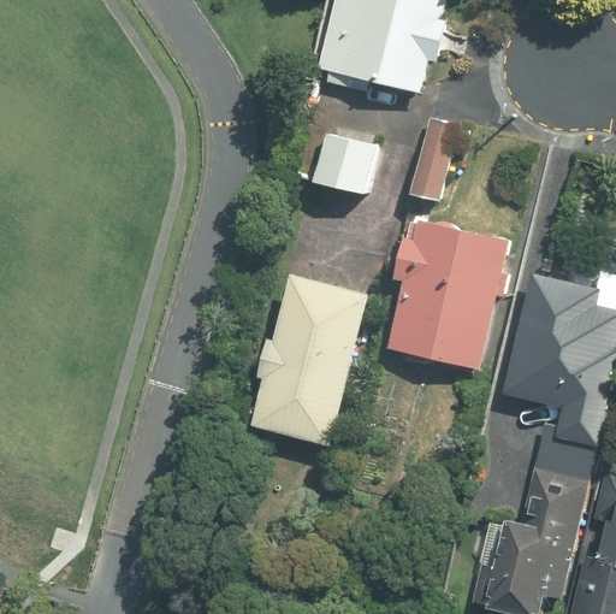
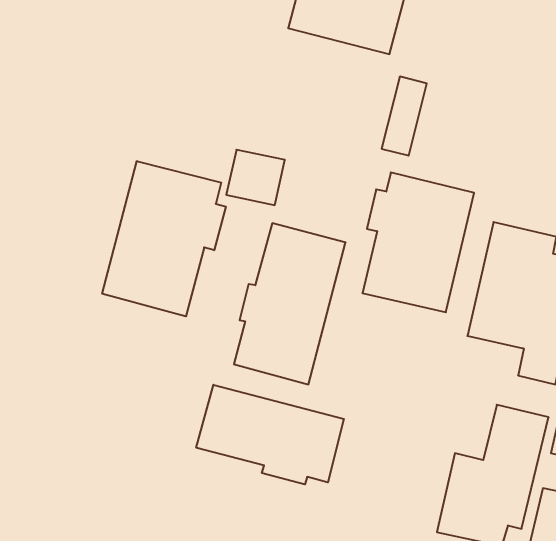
building: [314,134,377,193] -> [226,150,285,205]
building: none -> [102,161,226,316]
building: none -> [196,385,344,484]

